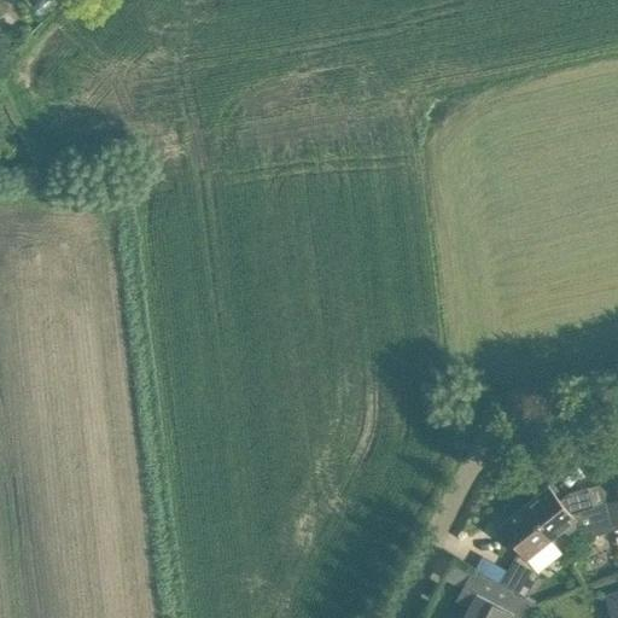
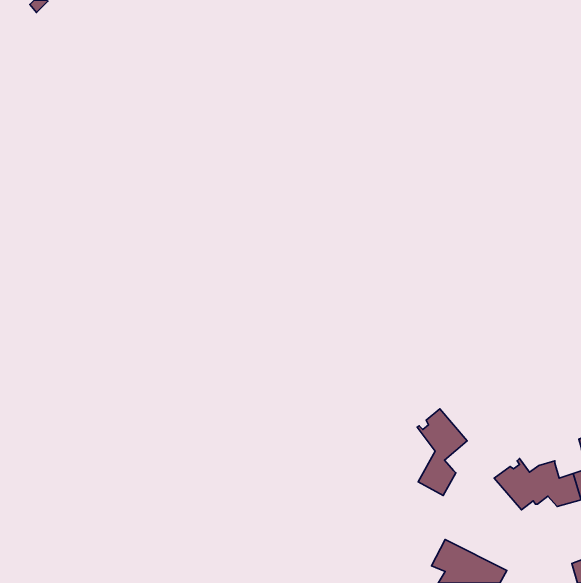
building: [501,506,554,597] -> [417,409,467,496]

